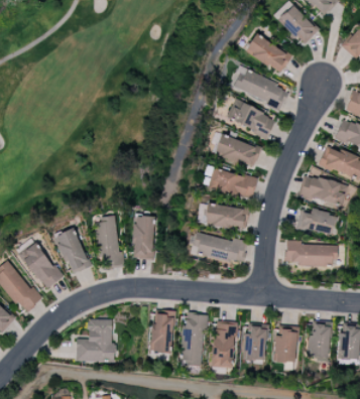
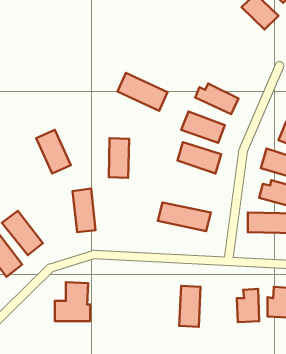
building: [245,33,291,73] -> none
building: [232,66,286,108] -> [117,73,168,111]
building: [205,205,248,228] -> none
building: [132,216,154,259] -> [109,138,129,178]
building: [53,228,91,275] -> [36,130,71,173]
building: [149,310,174,353] -> none
building: [179,313,208,373] -> none
building: [243,324,266,360] -> none

